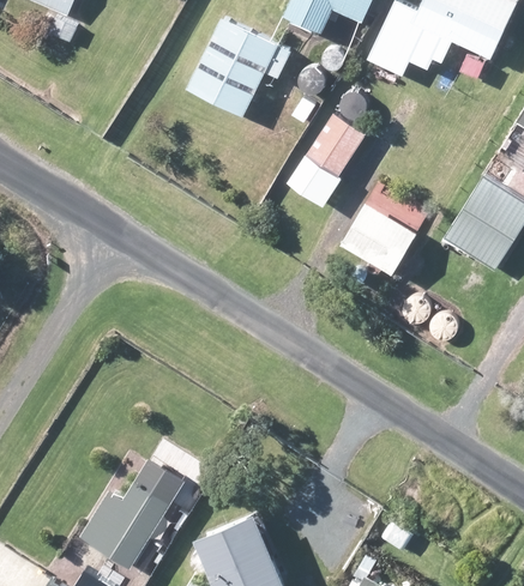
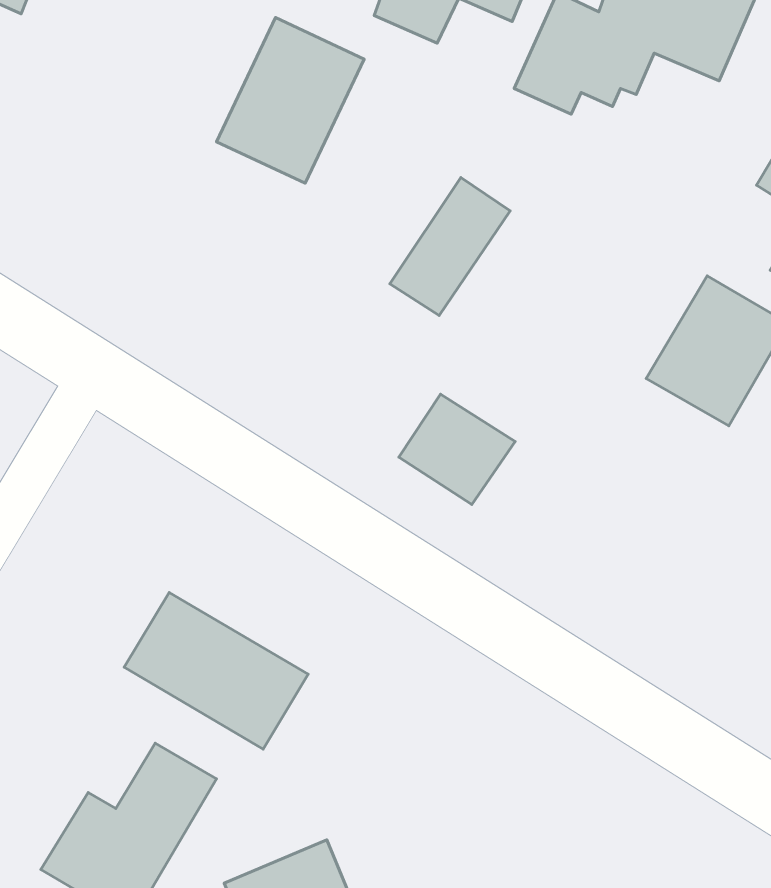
building: [342,206,412,273] -> [399,394,515,504]
building: none -> [124,592,308,749]

